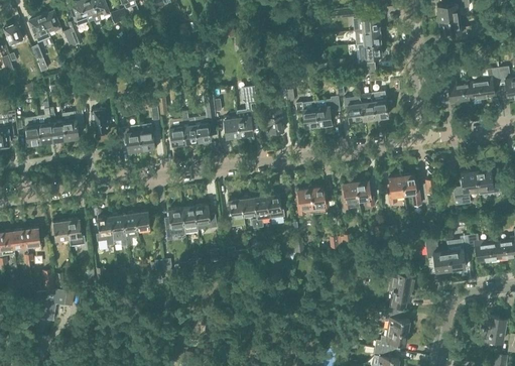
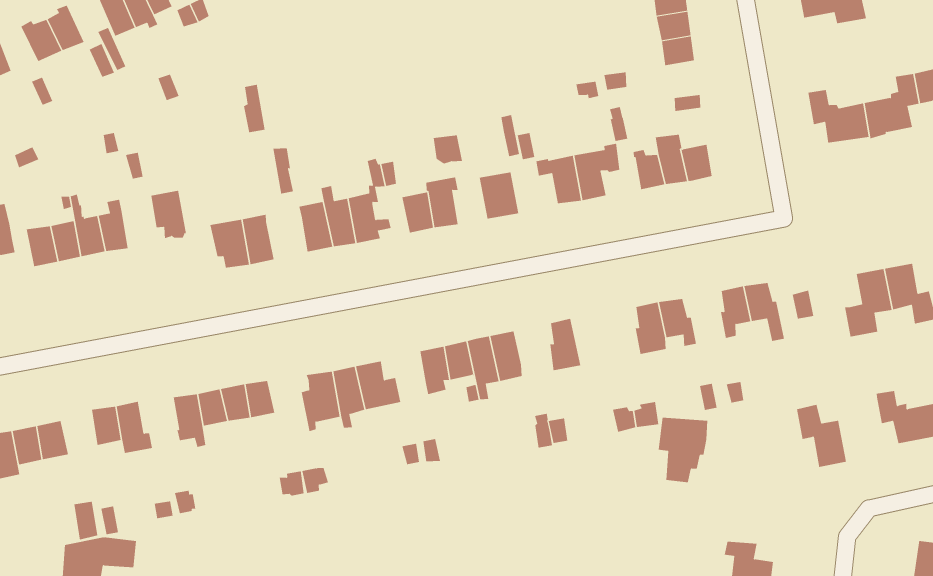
building: [309,187,330,213] -> none
building: [447,236,470,271] -> none
building: [390,272,417,308] -> [658,417,708,483]

